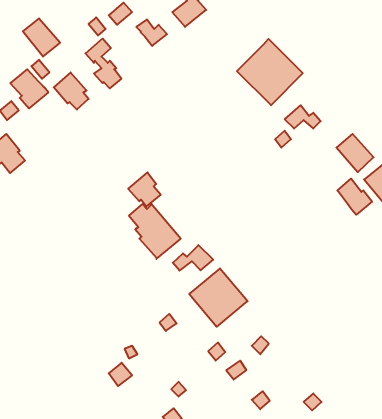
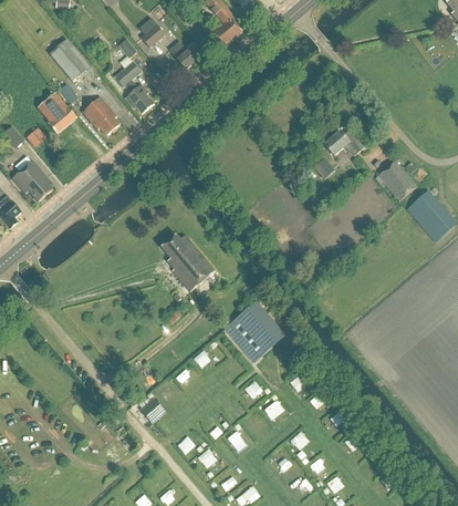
building: [237,39,303,105] -> none
building: [128,172,161,206] -> none
building: [337,179,372,215] -> none
building: [173,245,213,271] -> none

